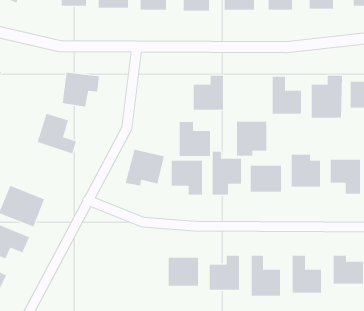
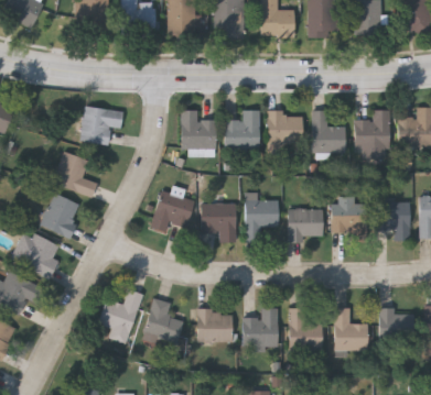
building: [236,121,267,156] -> [268,112,302,151]
building: [179,121,211,156] -> [181,109,216,147]
building: none -> [40,193,83,238]
building: none -> [97,289,142,343]
building: none -> [143,298,182,344]

